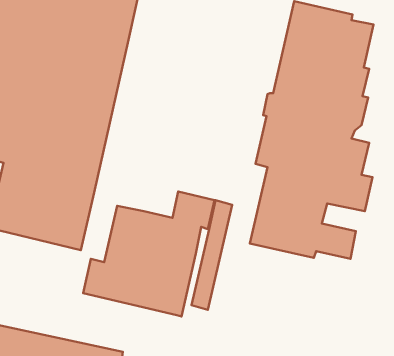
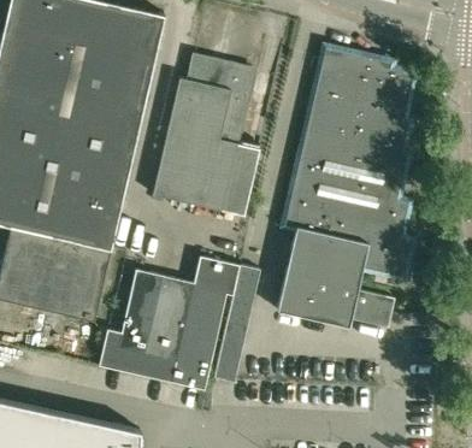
building: none -> [152,54,259,216]

